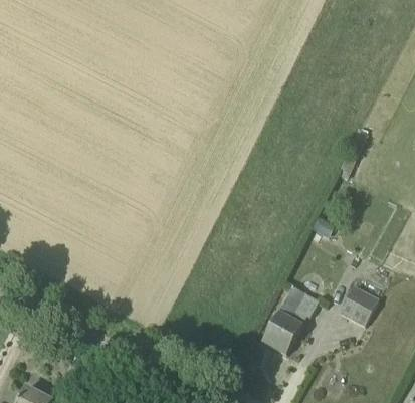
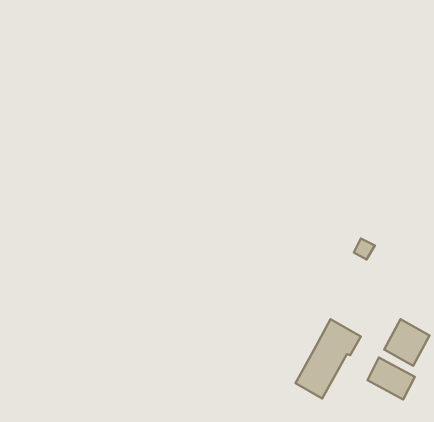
building: none -> [367,357,415,399]

